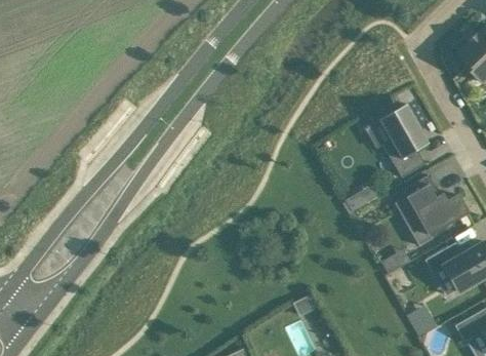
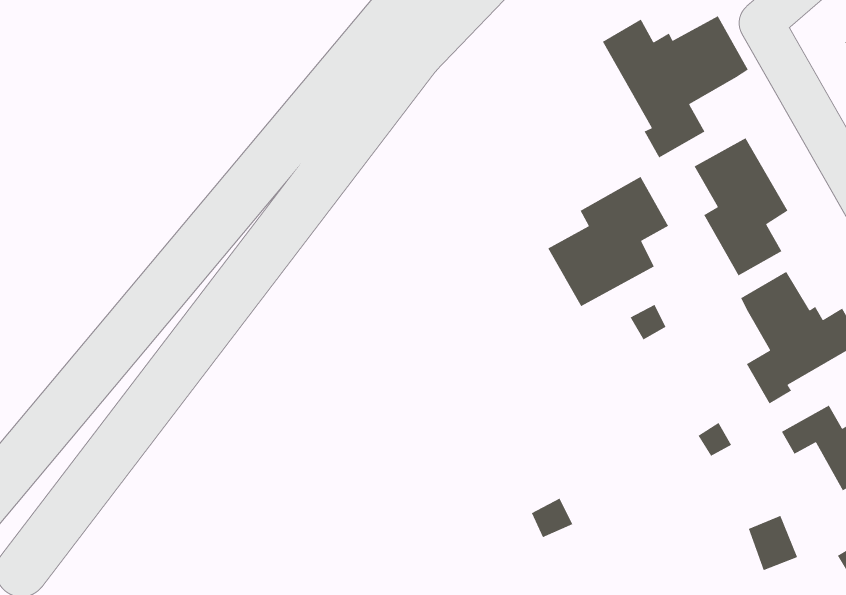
building: none -> [602,15,749,159]
building: none -> [547,176,669,307]

